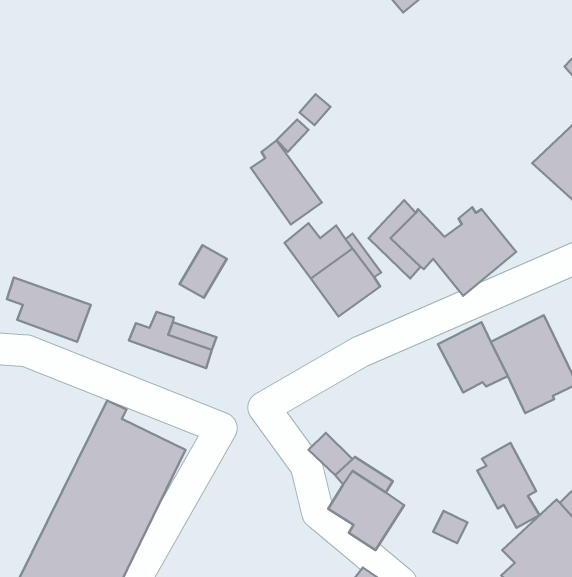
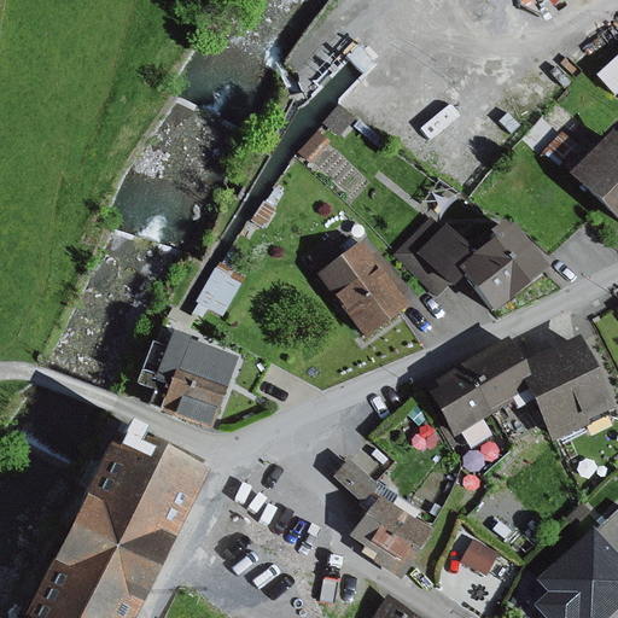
building: [251,140,322,225] -> none
building: [7,277,91,342] -> [136,361,225,428]
building: [477,443,539,528] -> [432,365,497,454]

